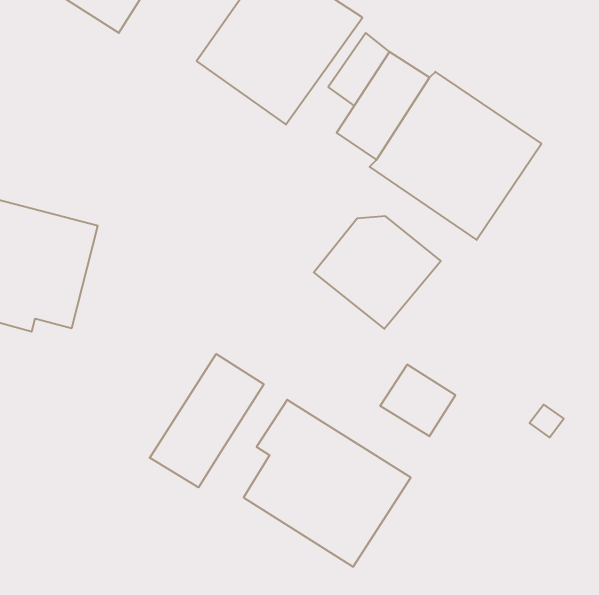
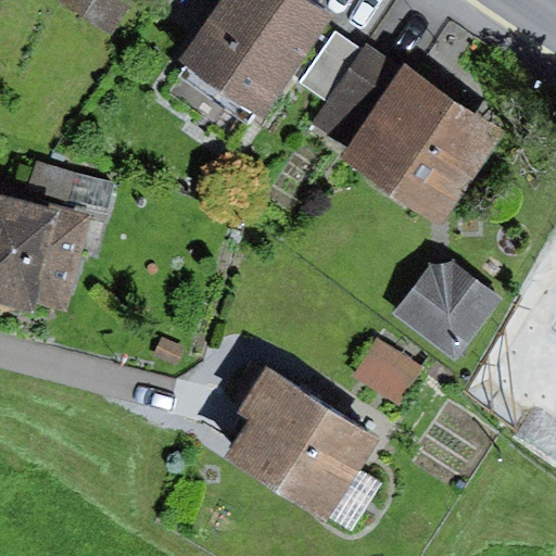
building: [314,216,441,329] -> [388,260,505,364]
building: [150,354,264,487] -> none

